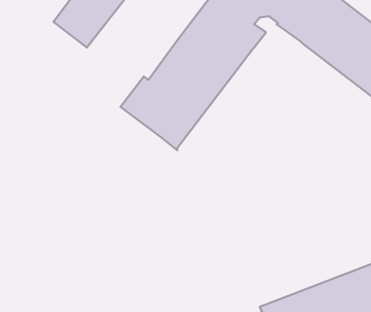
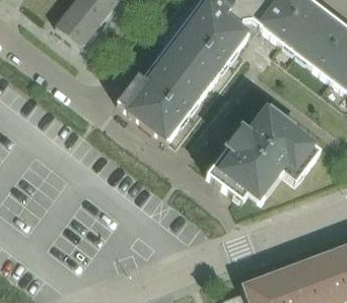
building: none -> [205,106,319,202]

